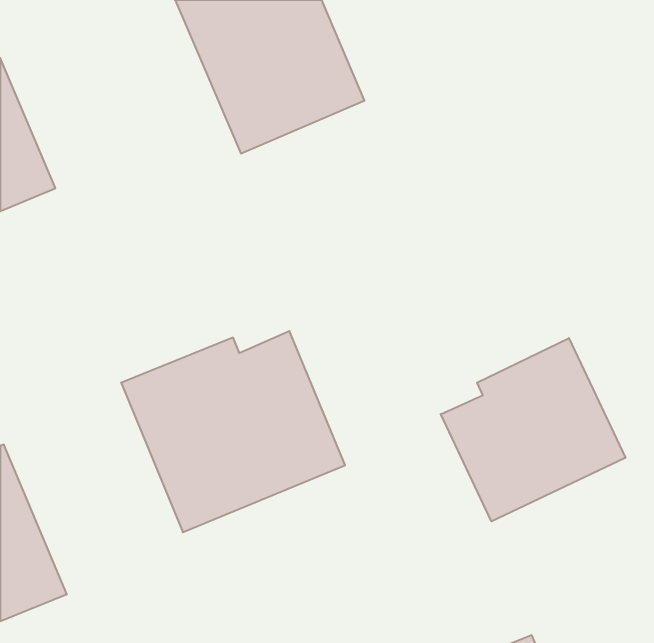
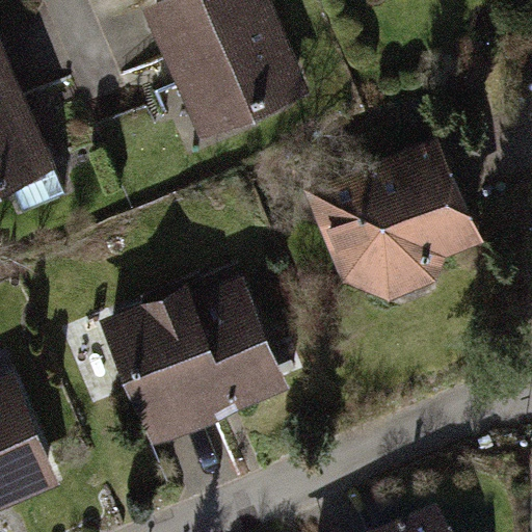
building: none -> [307,134,480,299]
building: [441,338,625,521] -> none

